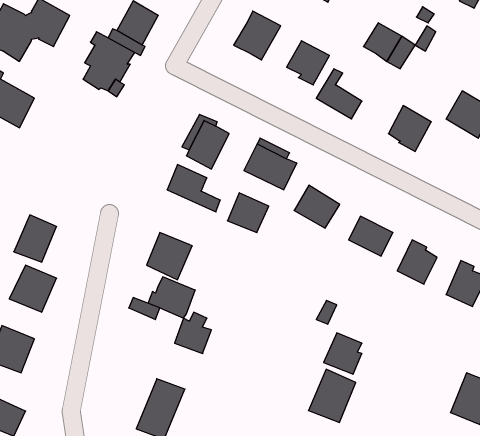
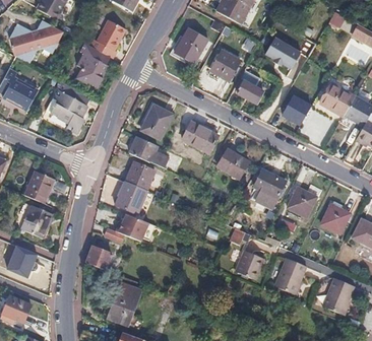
building: none -> [47,82,87,132]
building: [227,193,269,233] -> [124,162,152,190]
building: [175,312,211,354] -> [86,241,112,269]
building: [308,369,356,422] -> [276,258,309,294]

